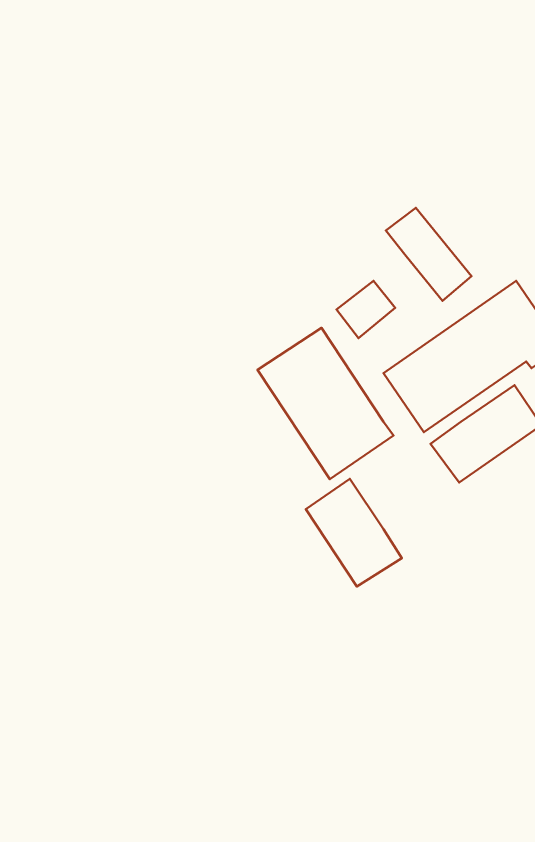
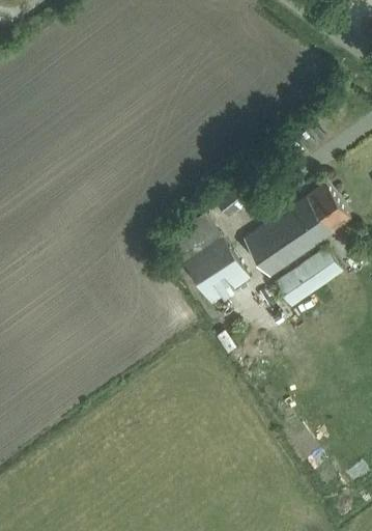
building: [386,208,471,301] -> none
building: [306,479,402,586] -> none

